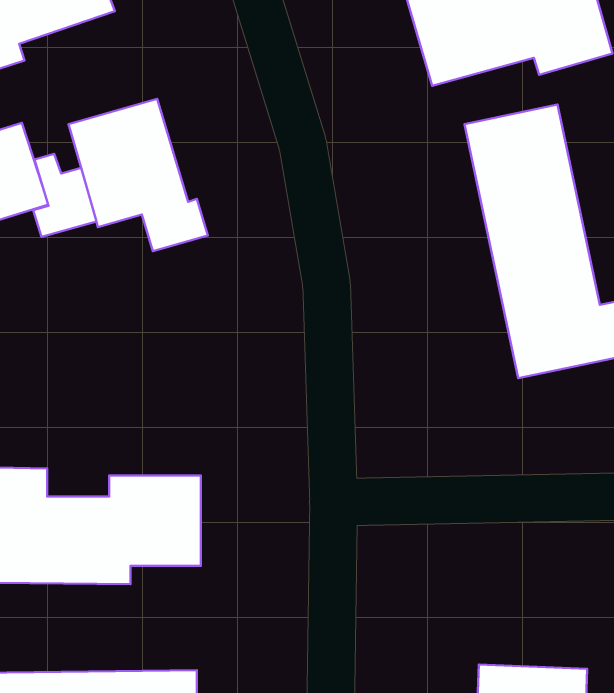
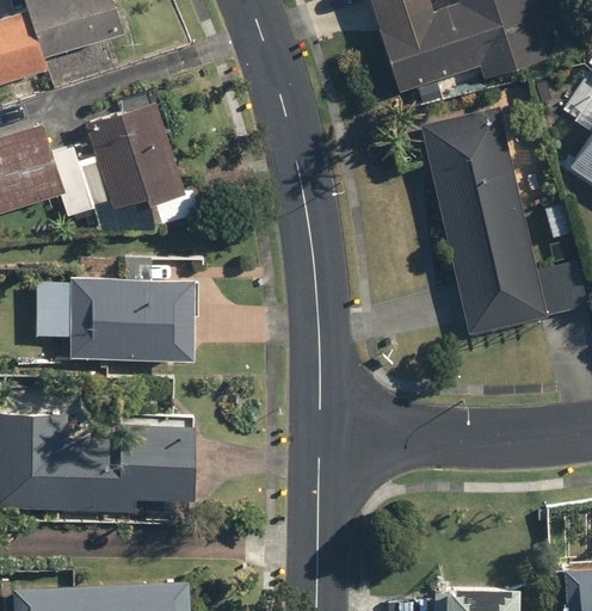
building: none -> [36,260,199,360]

